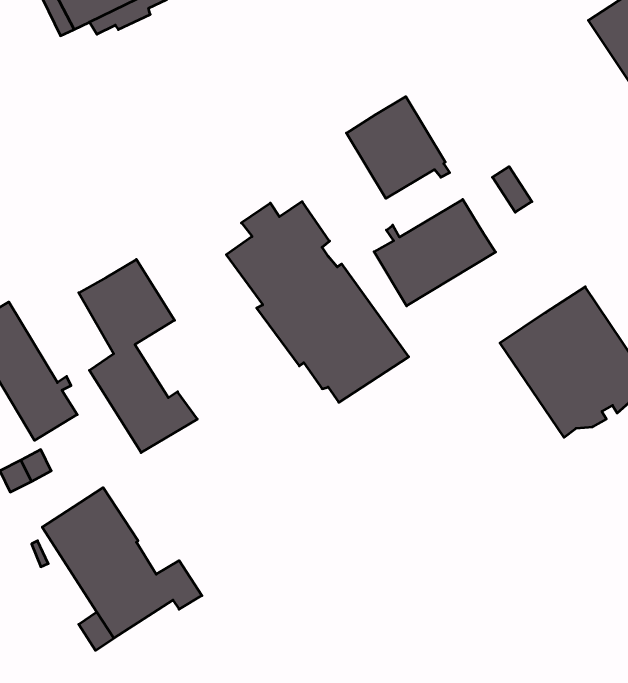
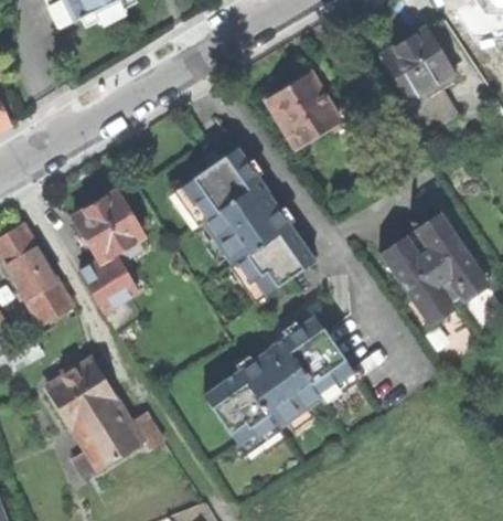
building: none -> [384,30,463,132]
building: [374,199,496,306] -> none
building: none -> [206,315,353,444]

